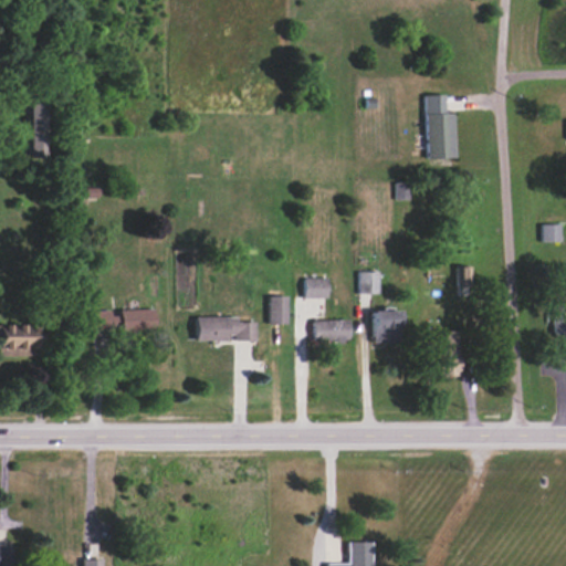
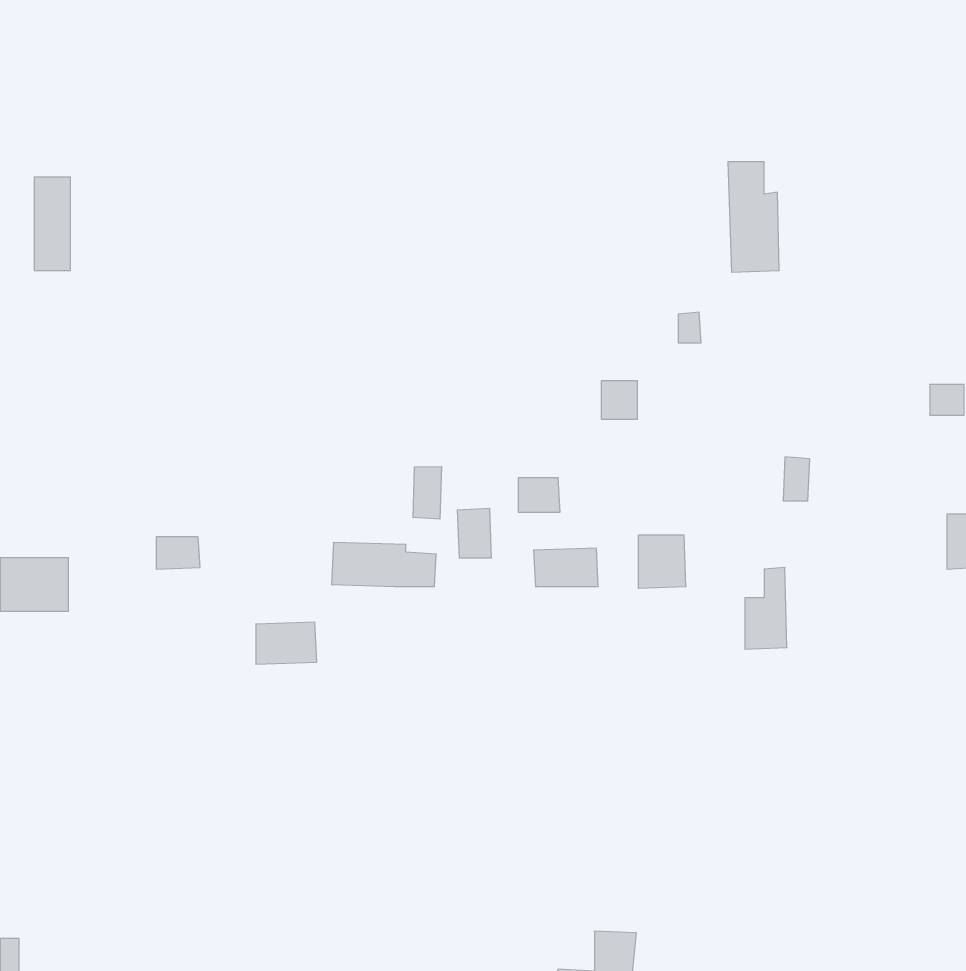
building: none -> [413,466,442,519]
building: [360,272,381,294] -> [601,381,638,419]
building: [122,310,157,334] -> [256,622,317,664]

